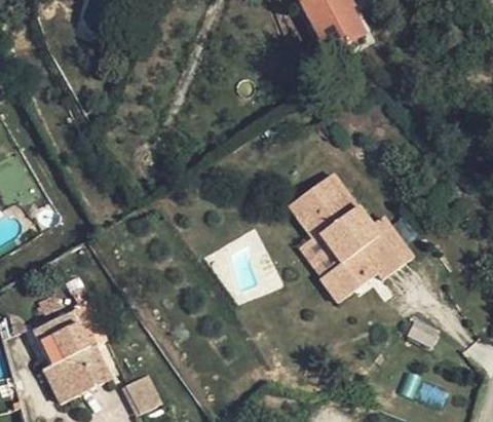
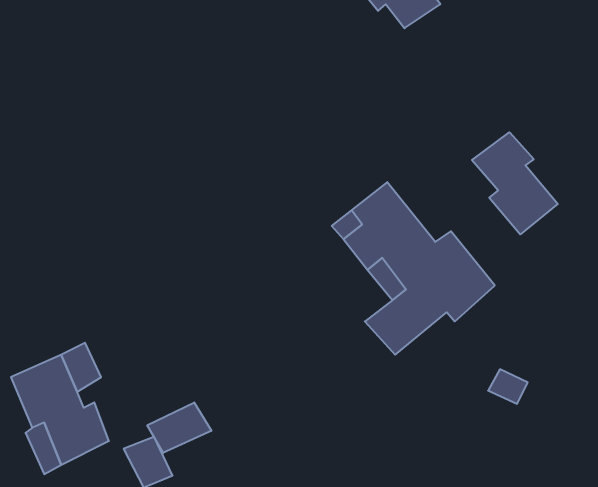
building: none -> [472,132,558,234]
building: none -> [147,402,211,453]

